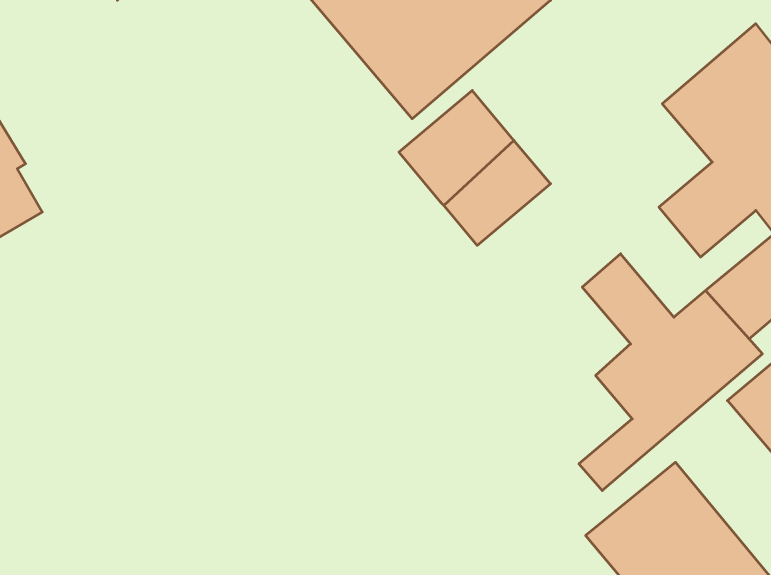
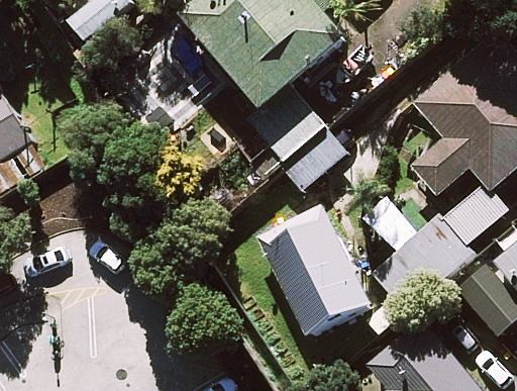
building: none -> [262,213,367,337]

